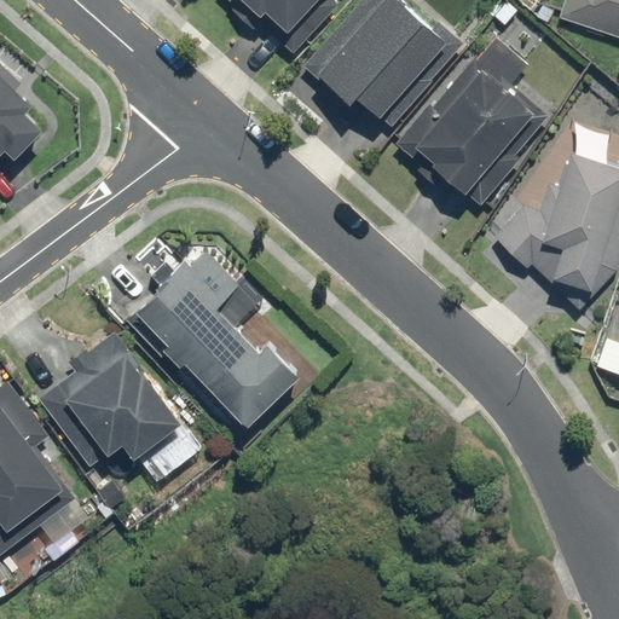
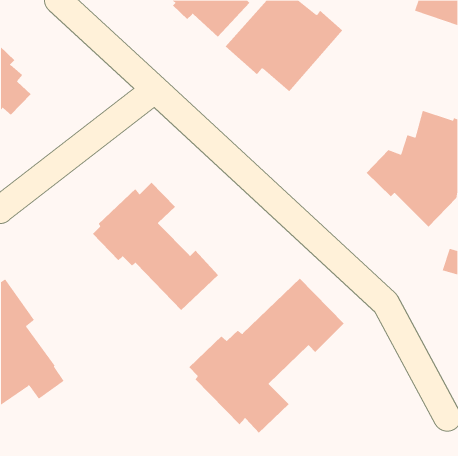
building: [395,62,533,204] -> none
building: [39,330,201,481] -> none
building: none -> [189,278,344,434]

